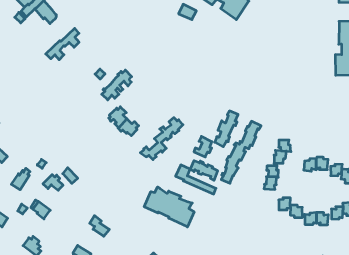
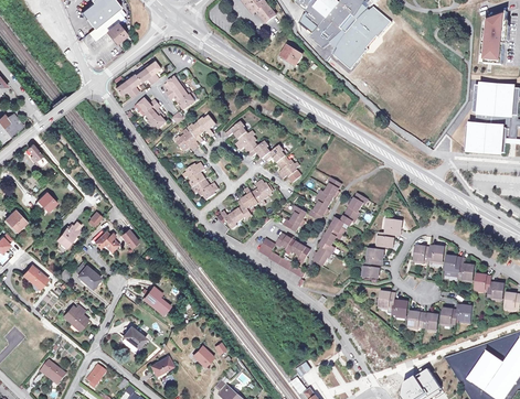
building: none -> [163,75,195,108]
building: none -> [135,97,166,130]
building: none -> [229,120,300,183]
building: [144,187,194,227] -> none

